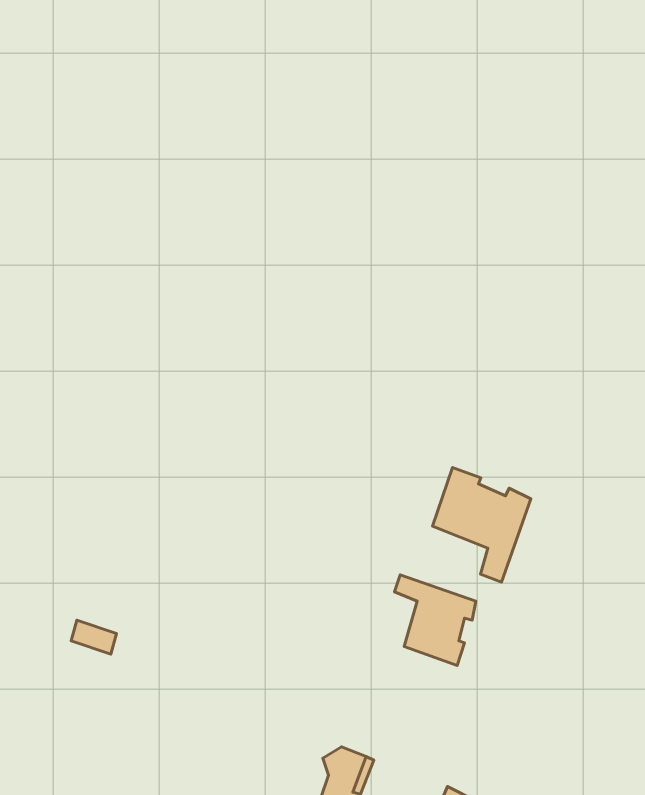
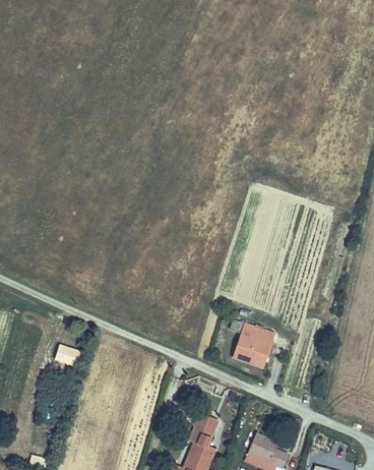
building: [433,468,531,582] -> none

